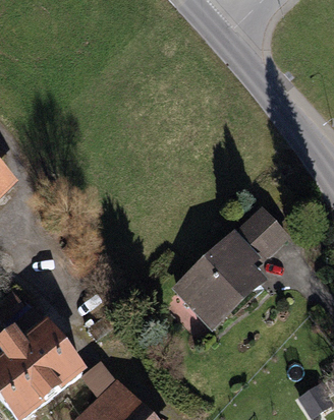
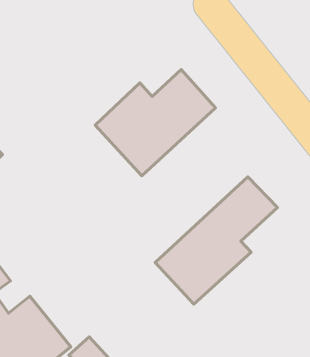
building: none -> [95,69,216,176]

